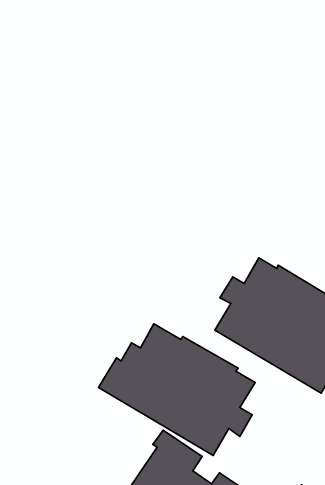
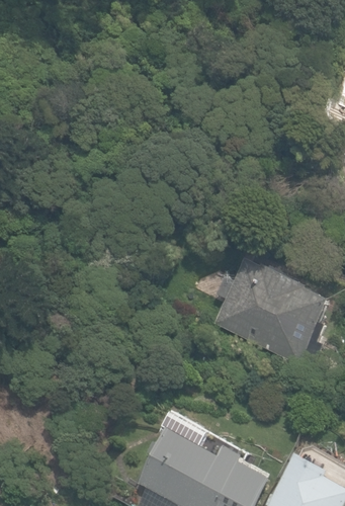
building: [98,324,255,455] -> none

